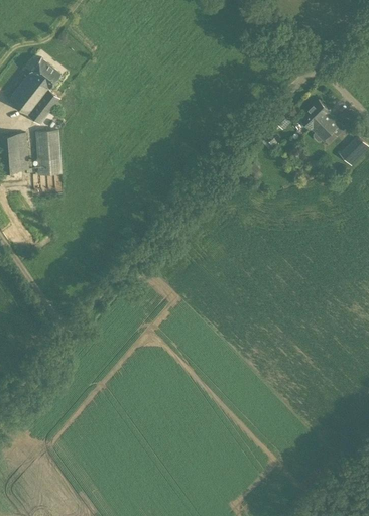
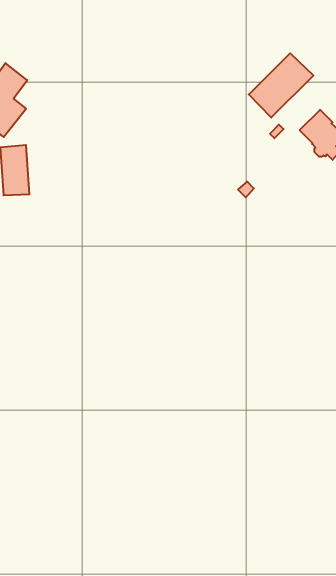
building: none -> [249,53,313,118]

